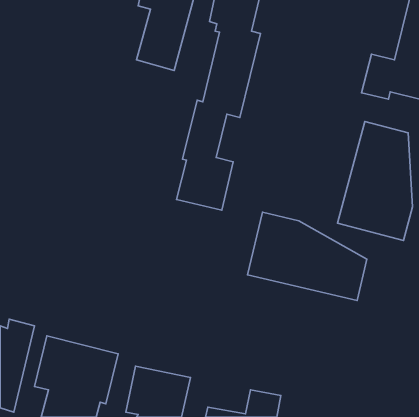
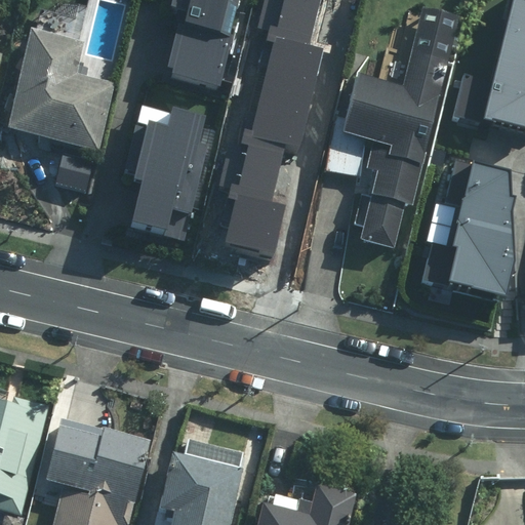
building: none -> [339,12,457,250]
building: none -> [7,33,112,152]
building: none -> [127,108,209,236]
building: [248,212,367,301] -> none

